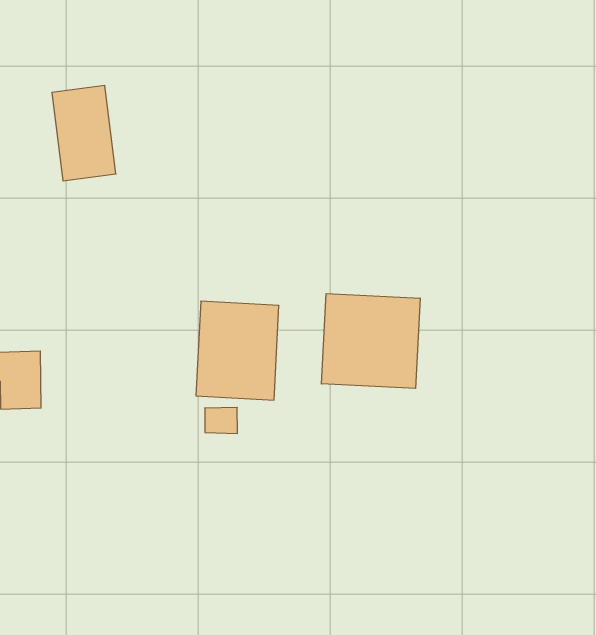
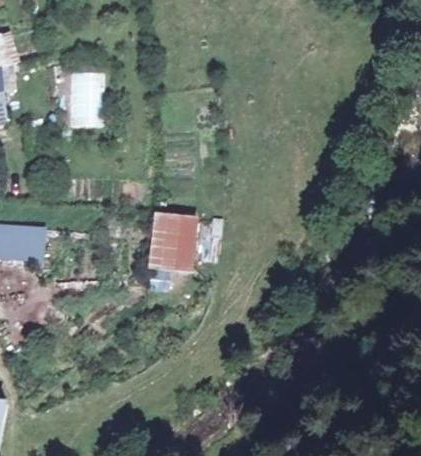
building: [321,294,420,388] -> none

